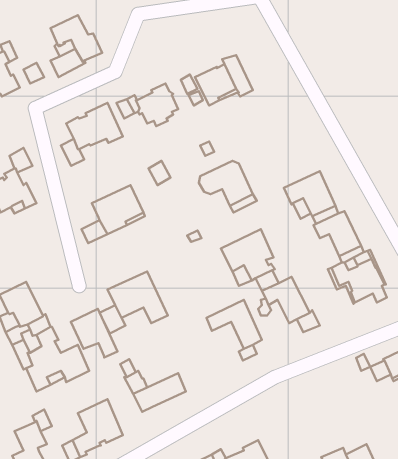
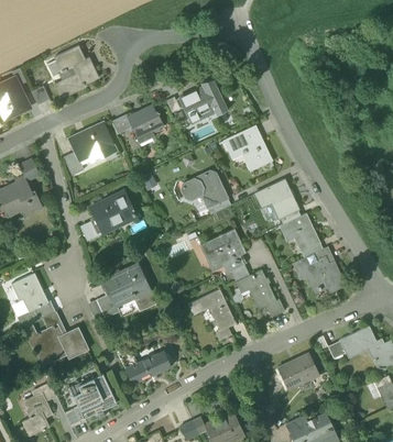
building: none -> [225,126,271,169]
building: [71,309,117,357] -> none
building: none -> [277,353,319,389]

